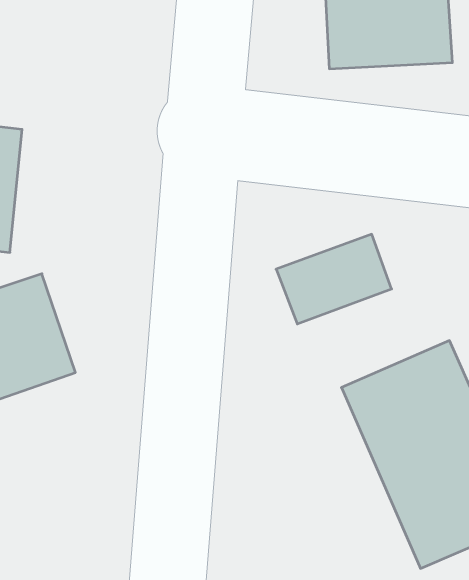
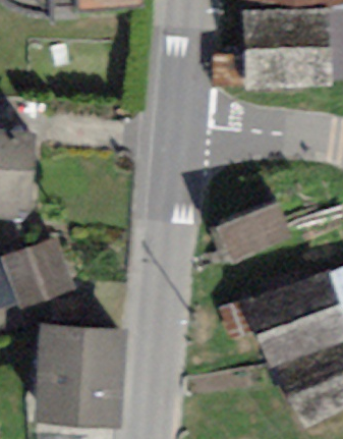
building: none -> [35,323,123,429]

